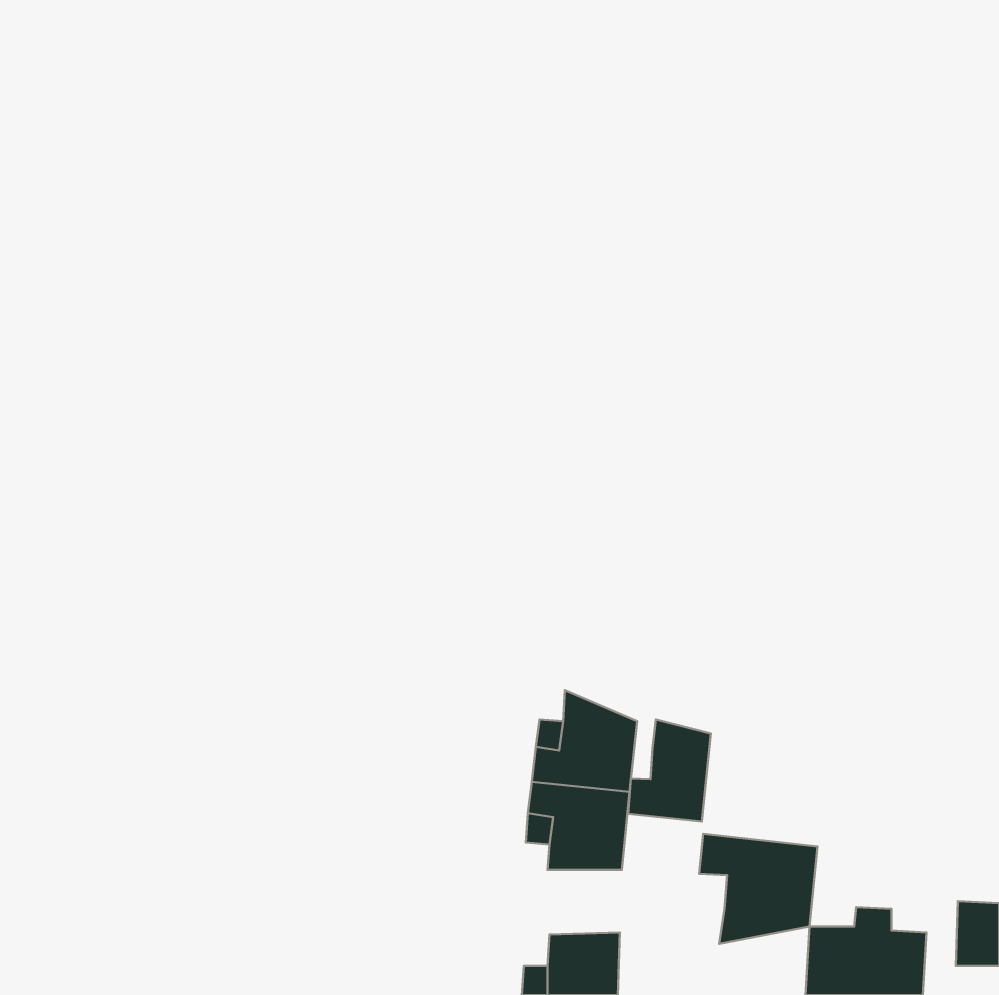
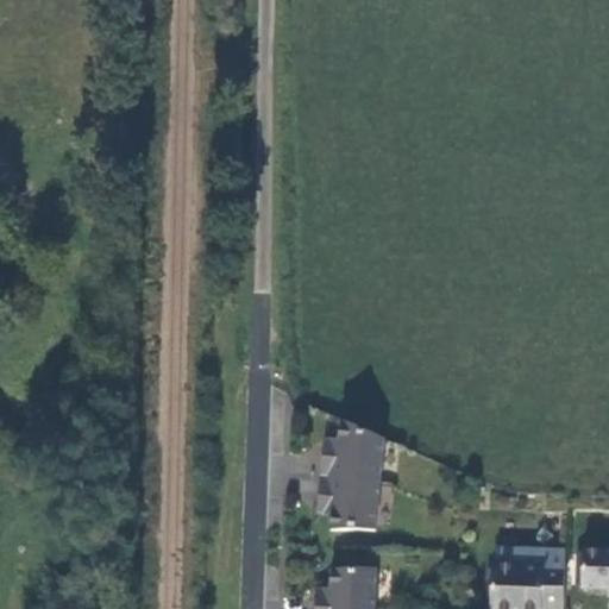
building: [628,720,711,821] -> none
building: [699,834,817,944] -> none

